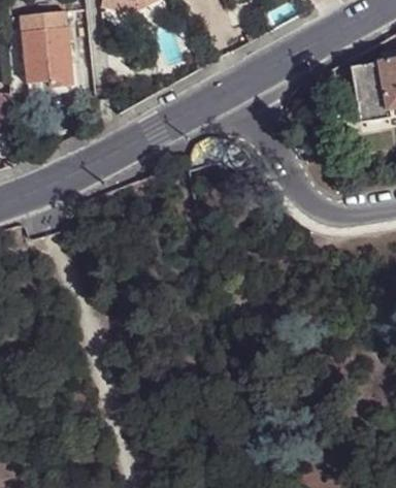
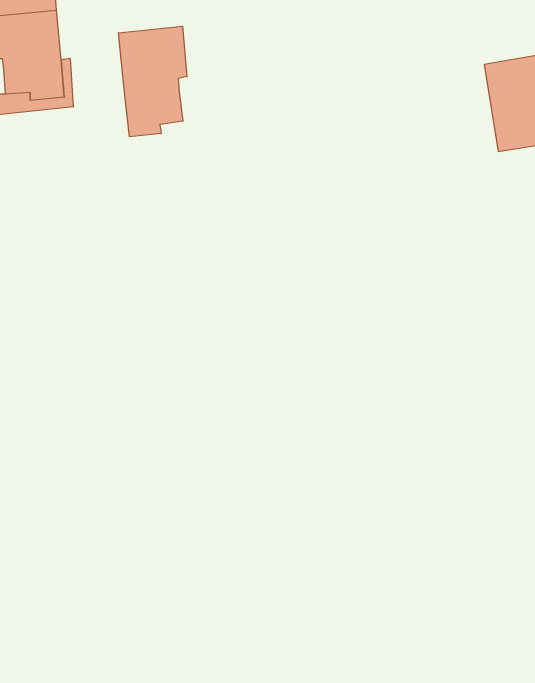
building: none -> [119,26,187,137]

